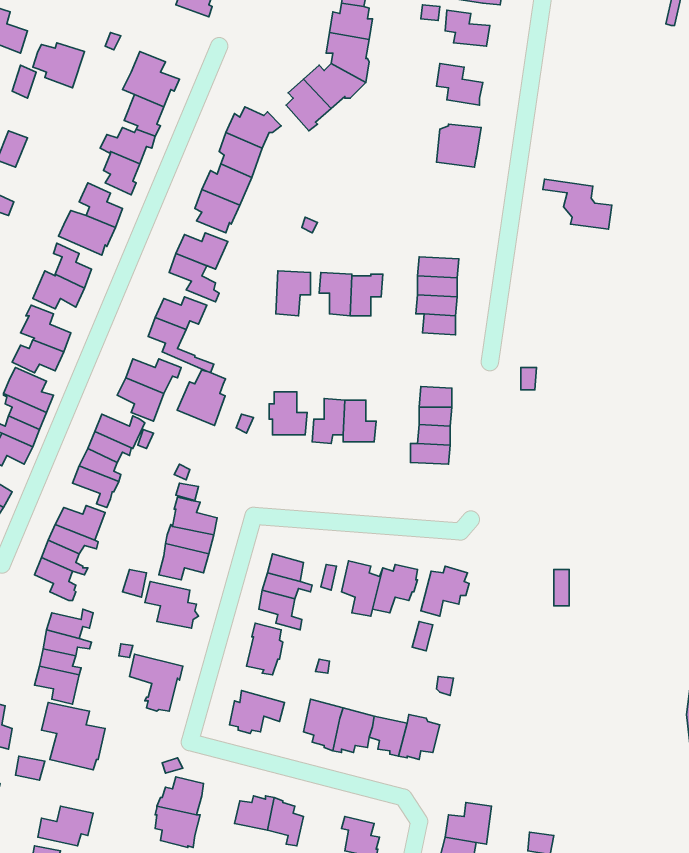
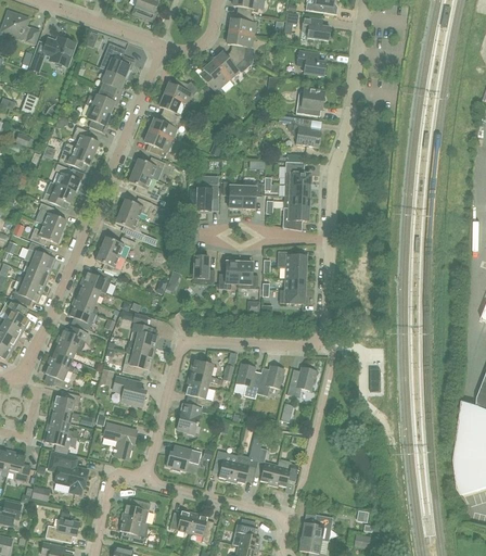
building: [543,179,612,229] -> [278,115,321,147]
building: [177,370,225,425] -> none

